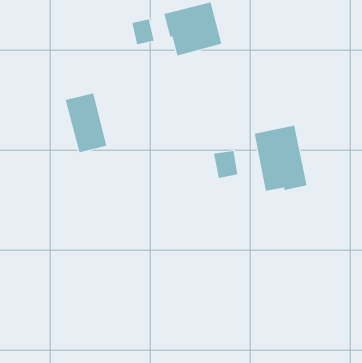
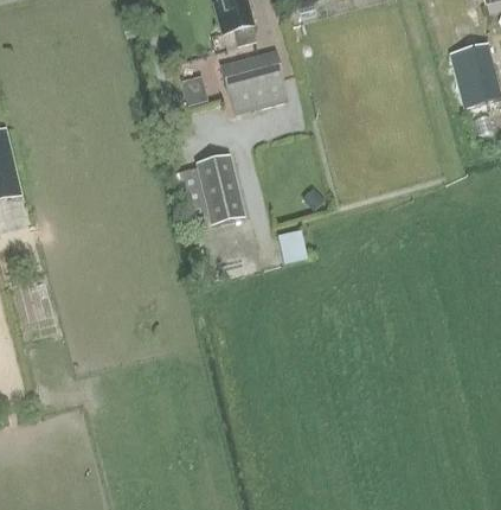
building: [65,93,107,153] -> [194,153,244,224]
building: [254,125,307,192] -> none

